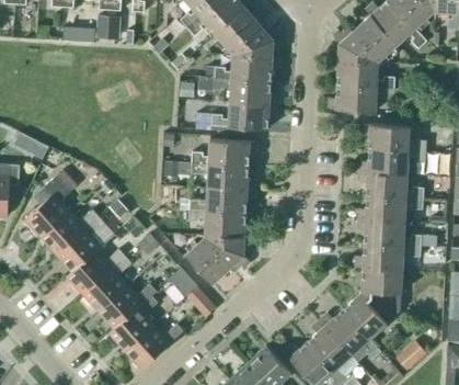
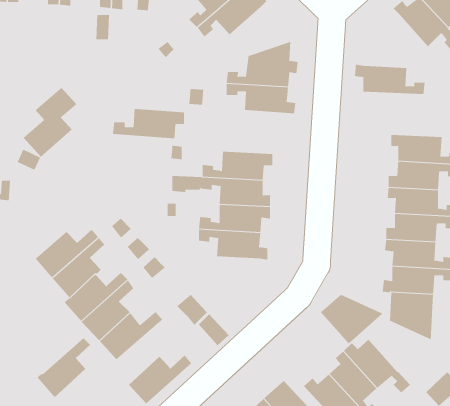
building: [217,10,280,54] -> none
building: [333,16,397,65] -> none
building: [329,87,393,113] -> none
building: [210,103,276,131] -> [112,109,185,139]
building: [24,174,73,238] -> [23,87,77,157]
building: [185,236,250,285] -> none
building: [343,294,400,340] -> [320,294,383,345]
building: [108,297,158,352] -> [36,338,91,398]

